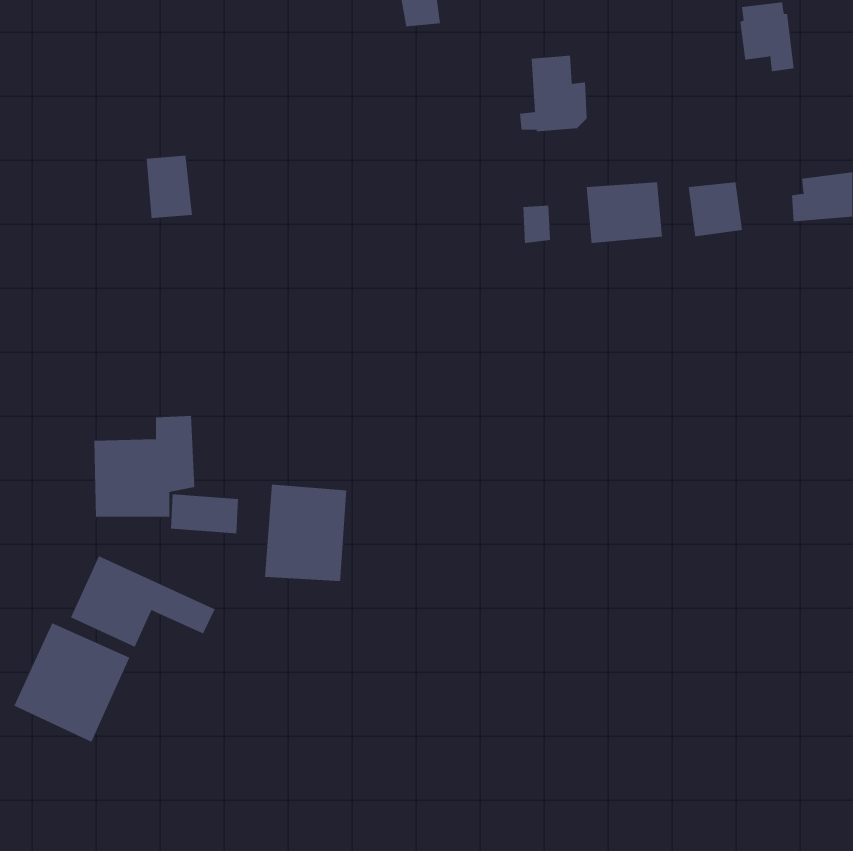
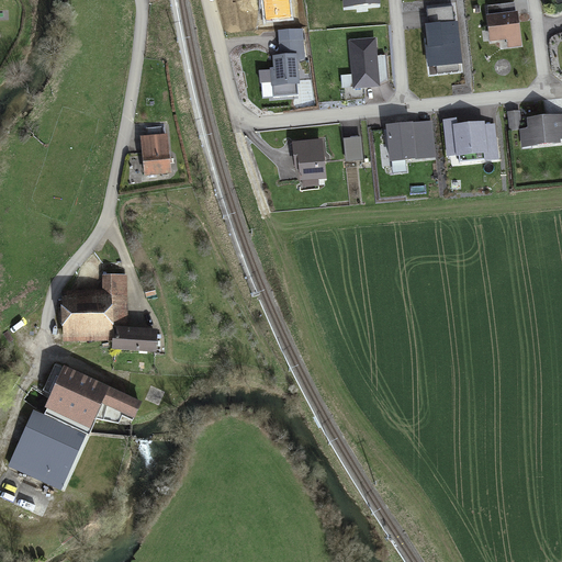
building: none -> [424,5,462,71]
building: none -> [260,29,304,97]
building: [146,155,193,218] -> [140,133,171,175]
building: none -> [292,137,326,180]
building: [265,484,347,582] -> none

